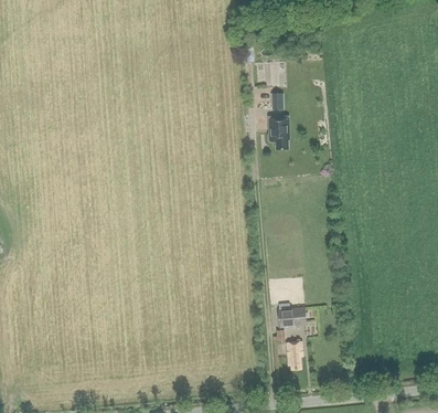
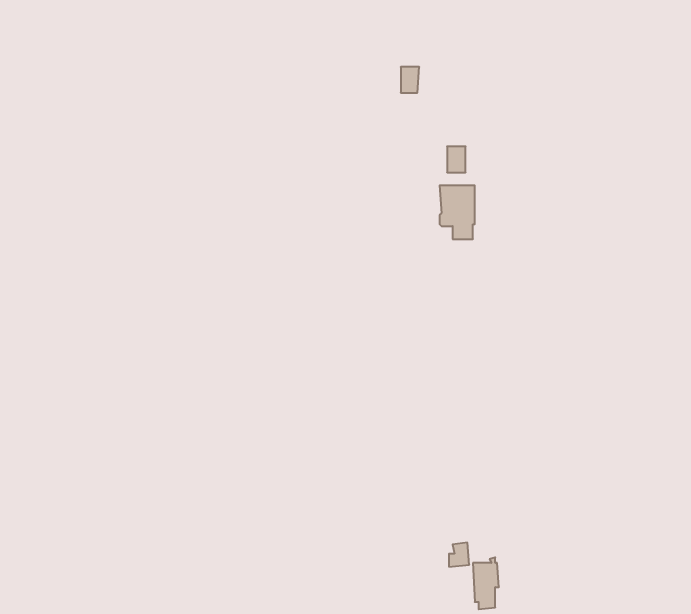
building: [279,303,307,327] -> none

